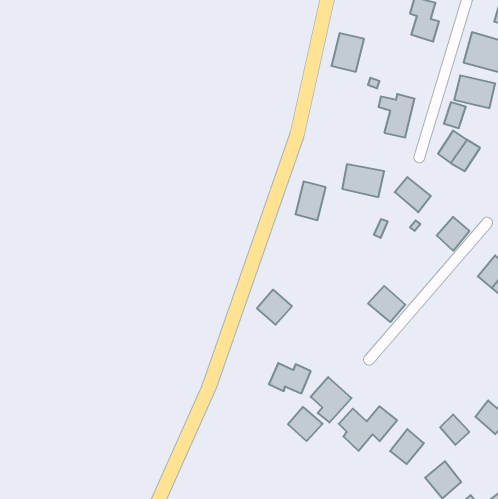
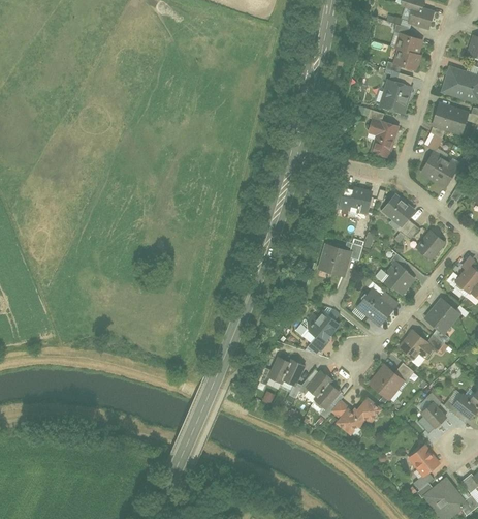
building: [331,33,364,72] -> [380,79,409,113]
building: [295,181,326,220] -> [319,242,346,276]
building: none -> [384,263,414,295]
building: [257,290,292,325] -> [310,311,341,342]
building: none -> [425,298,460,333]
building: none -> [399,330,429,358]
building: [288,407,323,441] -> none
building: [390,429,424,464] -> [373,365,403,396]

